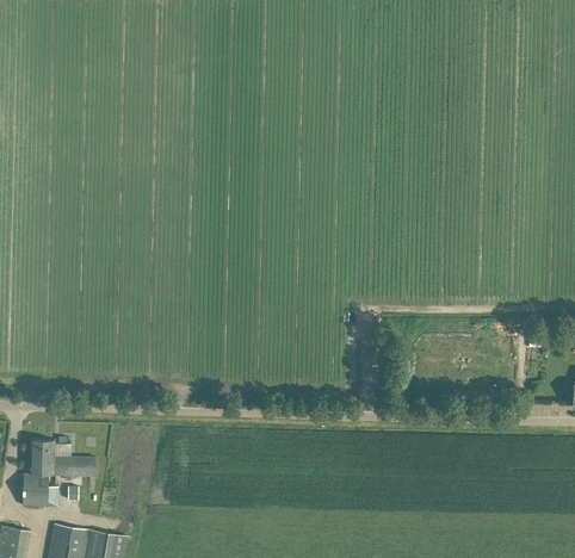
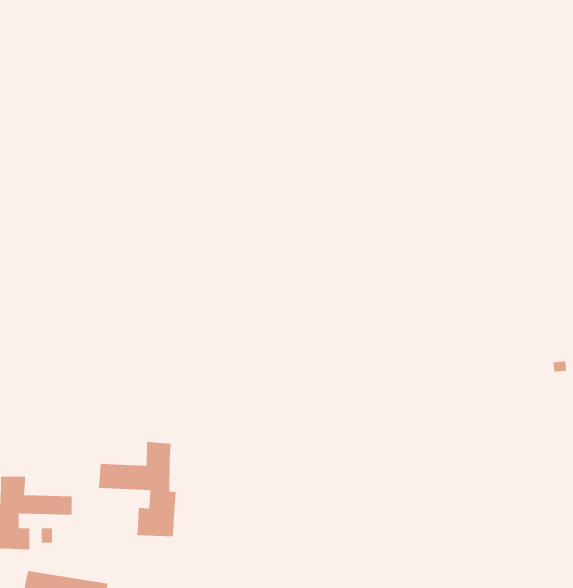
building: none -> [98,441,176,537]

